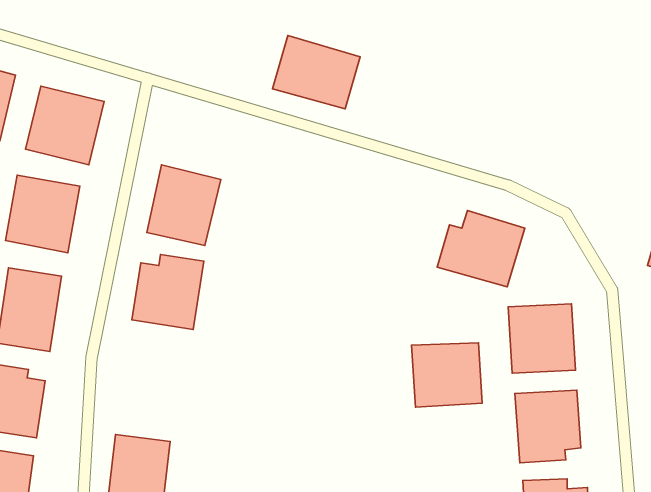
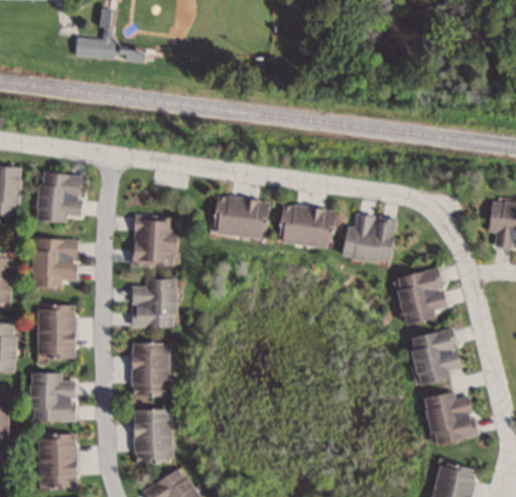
building: [272,36,360,109] -> [210,195,268,240]
building: none -> [275,204,335,248]
building: none -> [130,343,168,397]
building: [412,343,482,407] -> none

